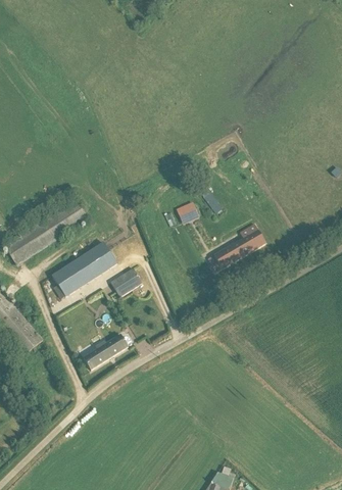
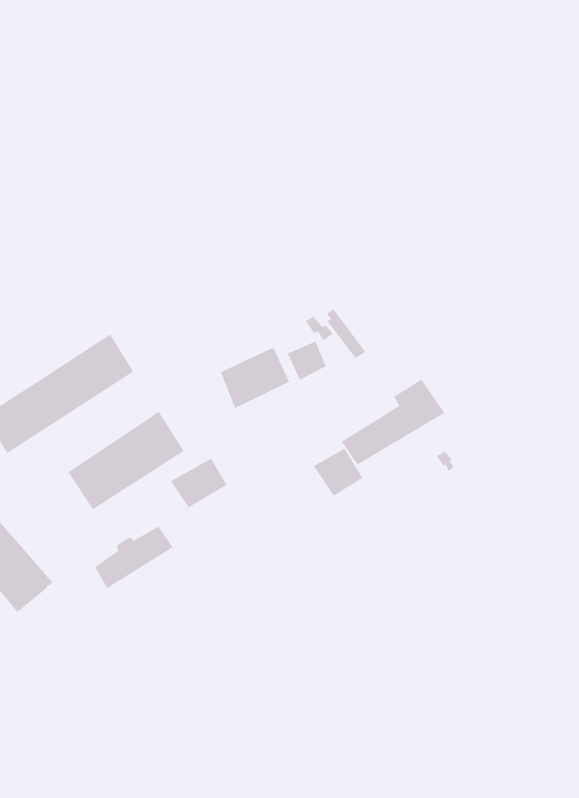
building: none -> [220,347,290,409]
building: none -> [313,448,363,497]
building: [83,334,128,370] -> [94,526,173,589]

